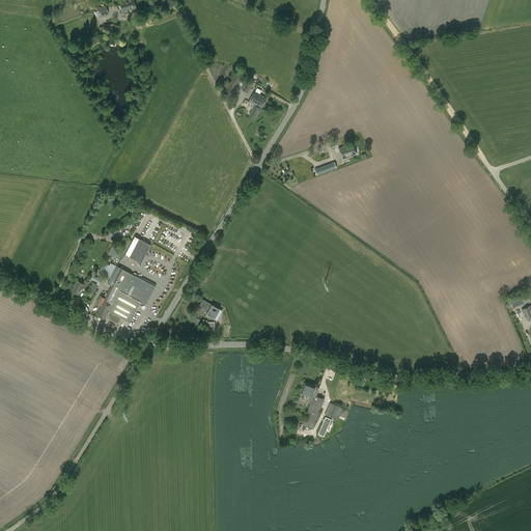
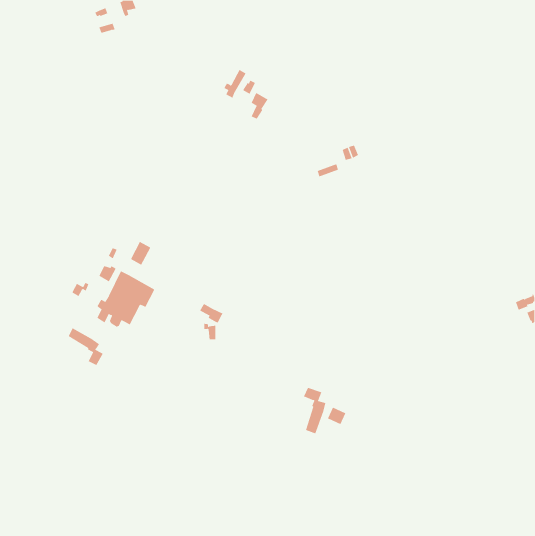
building: none -> [68,327,104,366]

